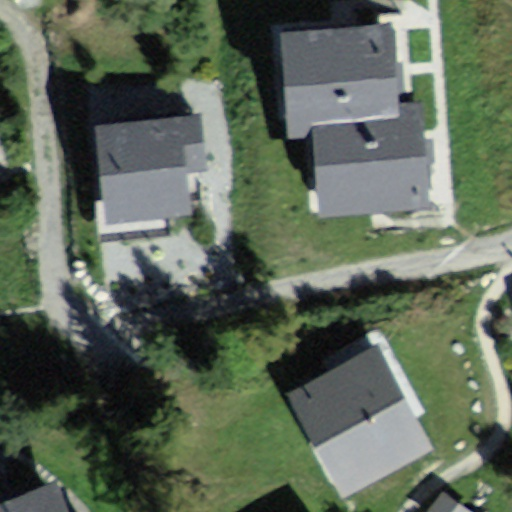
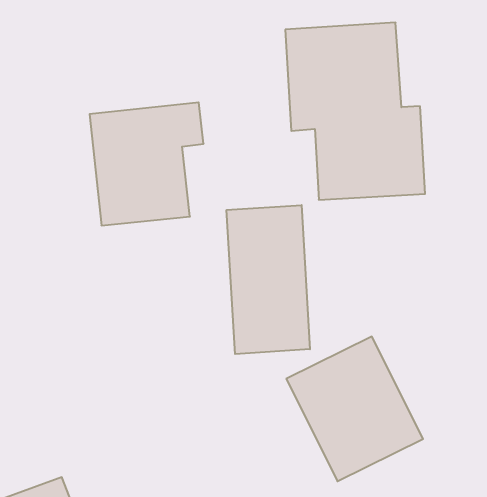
building: none -> [227,205,310,354]

